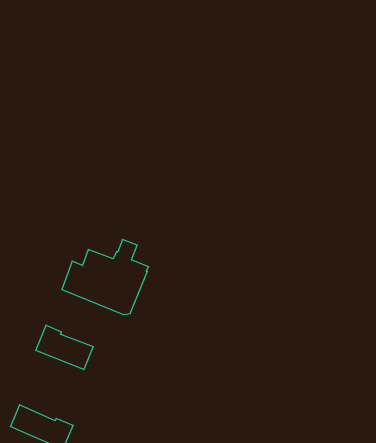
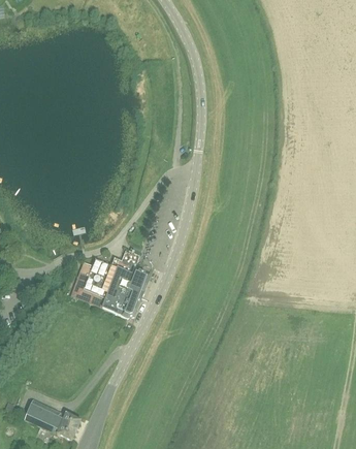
building: [36,325,93,370] -> none

